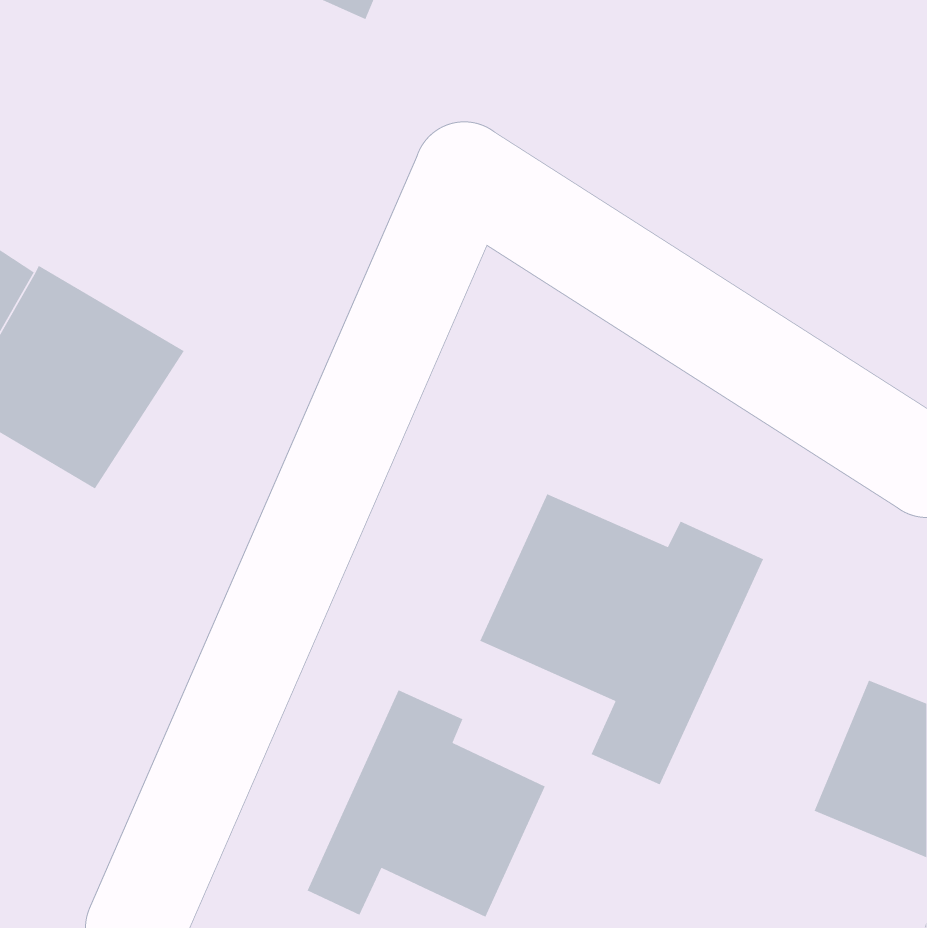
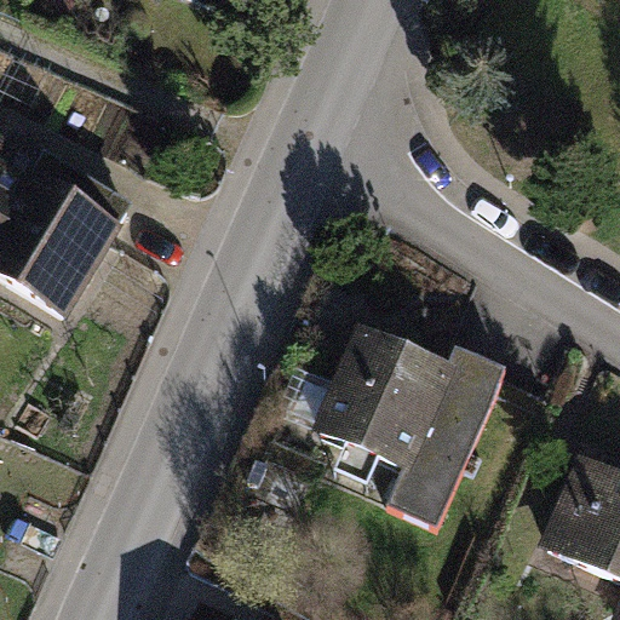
building: [307,689,546,918] -> none

